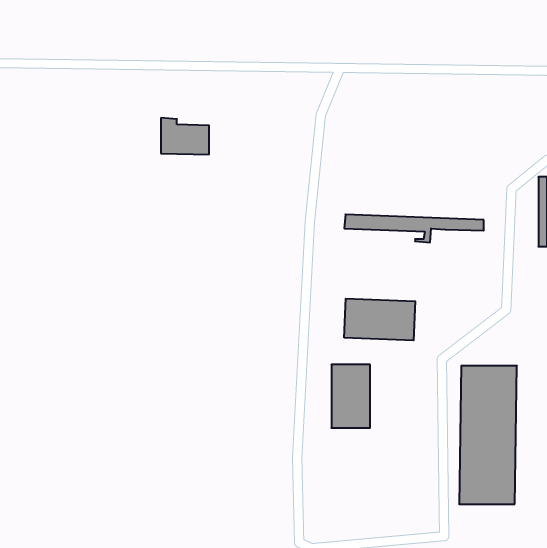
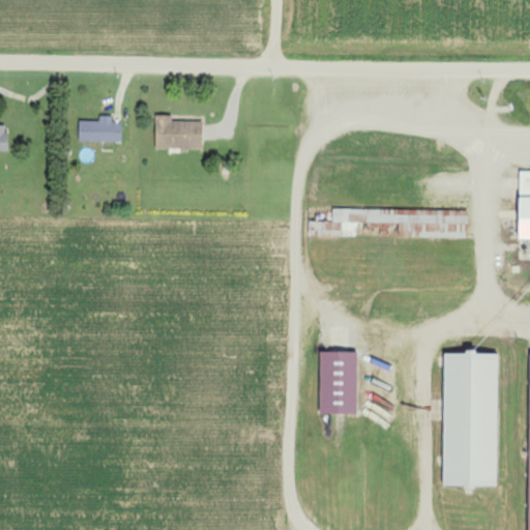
building: none -> [79,116,121,142]
building: [344,299,415,340] -> none

